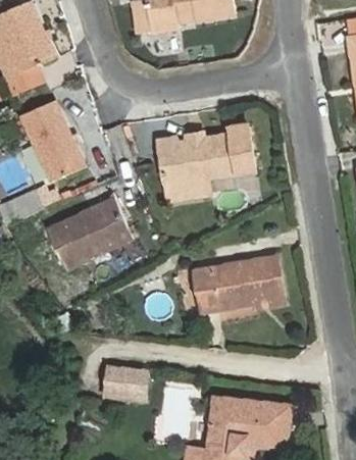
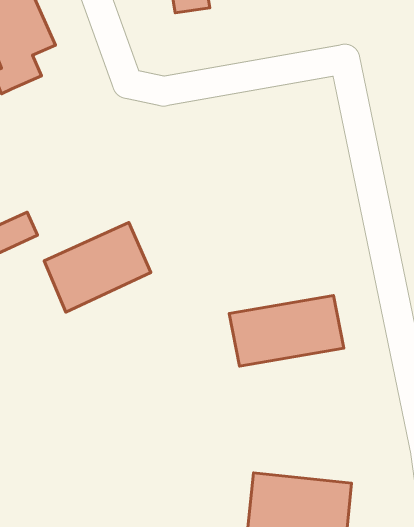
building: [19,100,84,182] -> none
building: [157,124,255,193] -> none
building: [103,363,147,399] -> none

